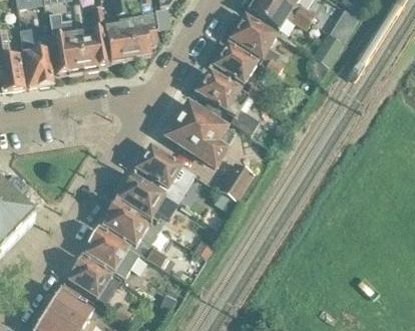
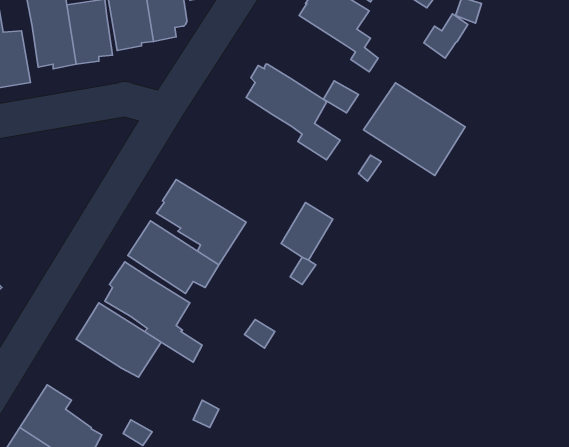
building: [213,40,257,83] -> none
building: [167,103,235,164] -> [364,83,465,175]
building: [66,254,120,303] -> none

